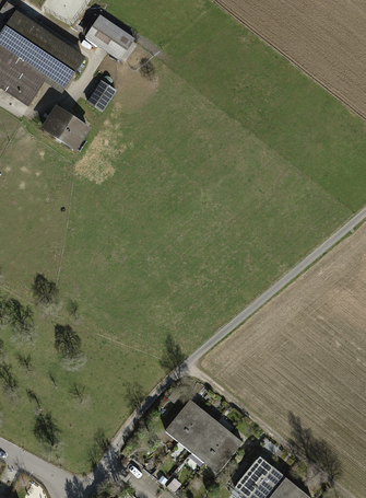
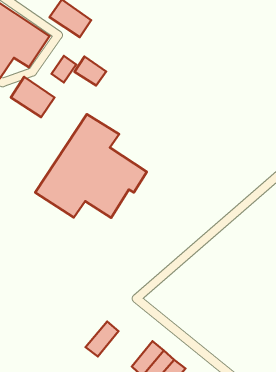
building: none -> [75,57,106,86]
building: none -> [35,114,147,218]
building: [166,401,204,441] -> [85,322,118,357]

